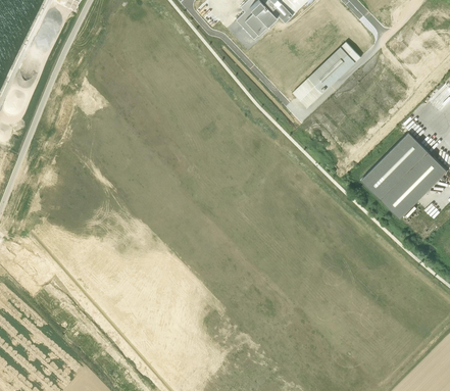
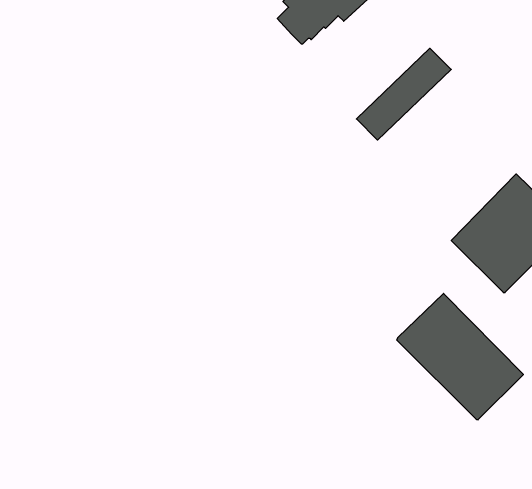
building: none -> [397,293,523,420]

